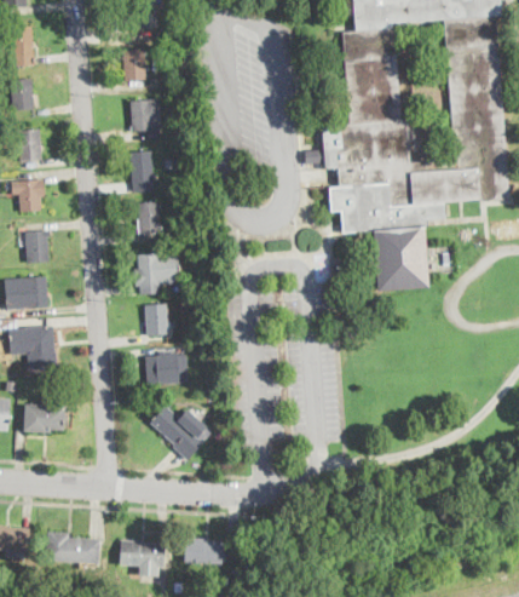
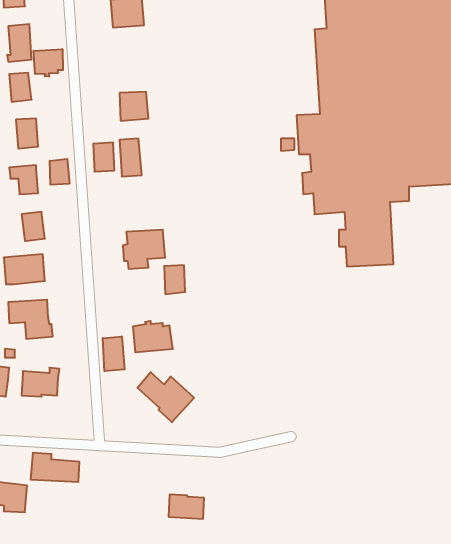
building: [123,50,146,81] -> none
building: none -> [34,49,63,77]
building: none -> [50,159,69,185]
building: [138,202,161,234] -> [93,143,114,172]
building: [145,305,168,337] -> [164,265,185,294]
building: none -> [103,336,125,371]
building: [46,533,99,564] -> [31,453,79,482]
building: [120,541,166,568] -> none

